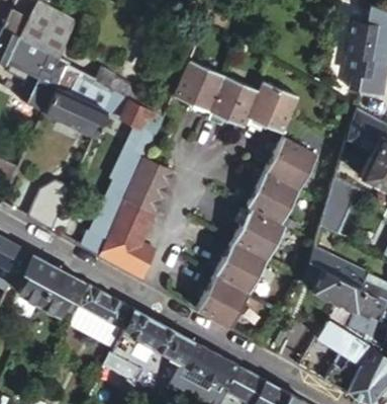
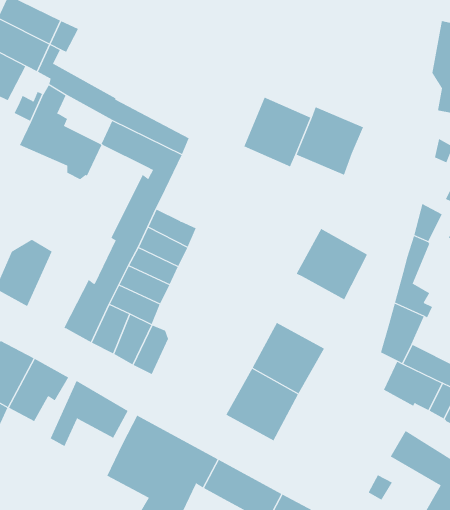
building: [174,60,224,112] -> none
building: [266,138,319,191] -> none
building: [233,208,287,260] -> none

